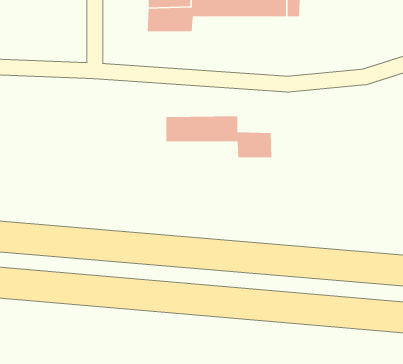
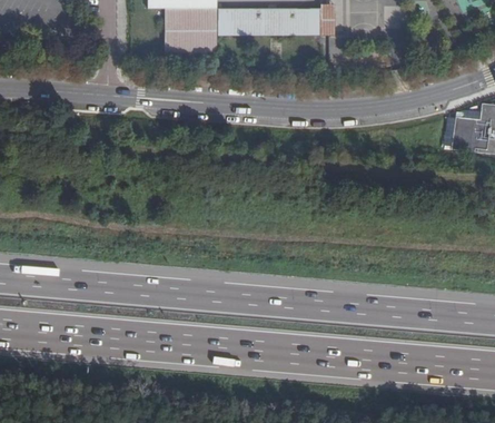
building: [166,115,272,158] -> none

